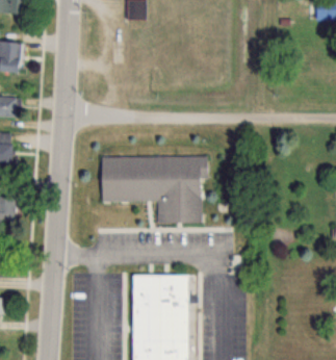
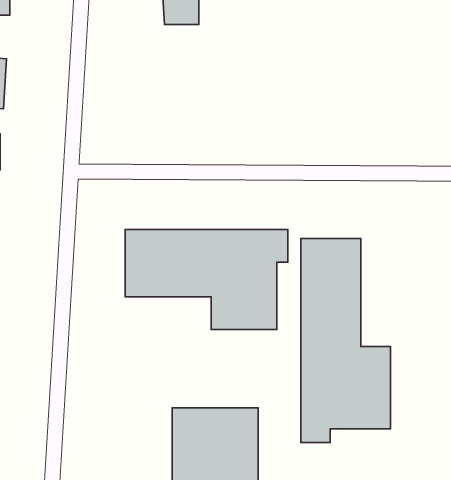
building: none -> [301,239,390,443]

